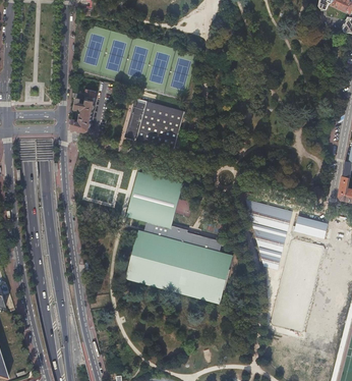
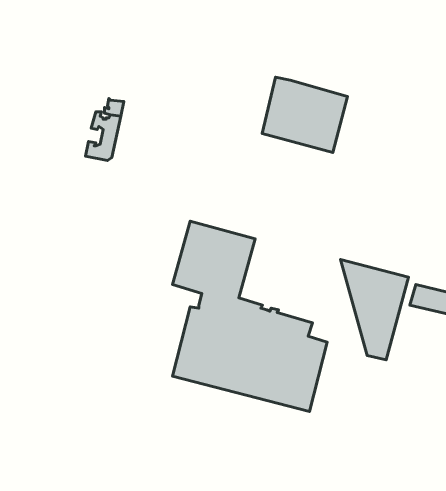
building: [125,98,184,150] -> [262,77,348,153]

